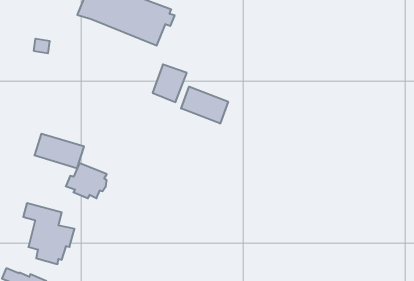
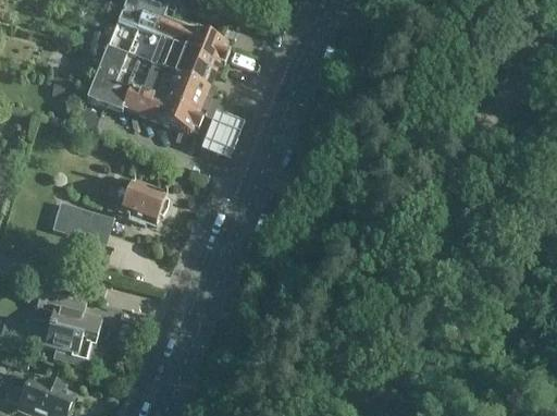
building: none -> [86,48,207,131]
building: [181,87,228,124] -> none
building: [66,163,107,198] -> [115,179,168,223]

